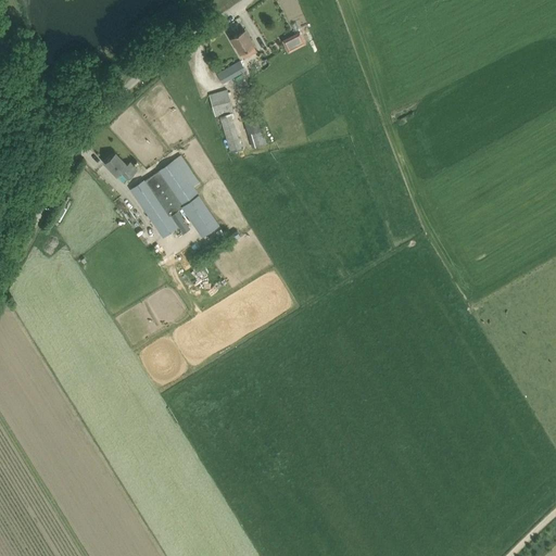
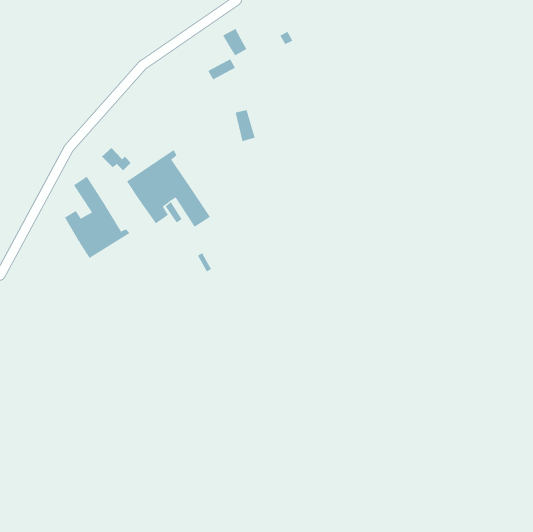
building: [208,91,242,154] -> none
building: none -> [64,176,130,259]

